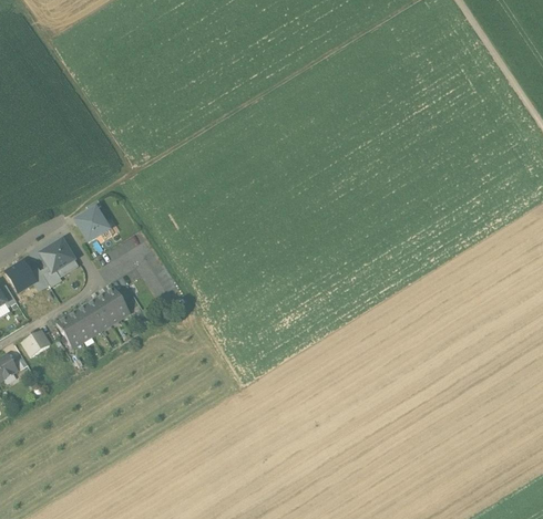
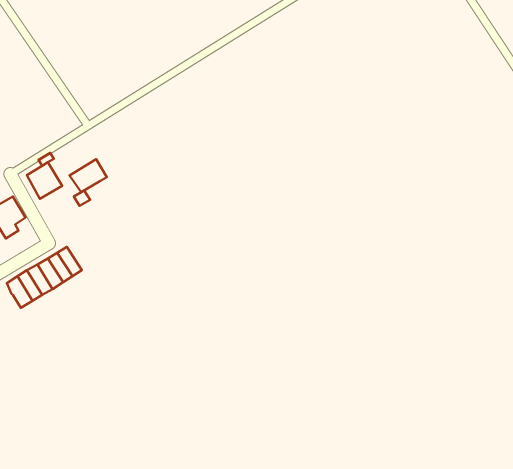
building: none -> [70,159,107,192]

